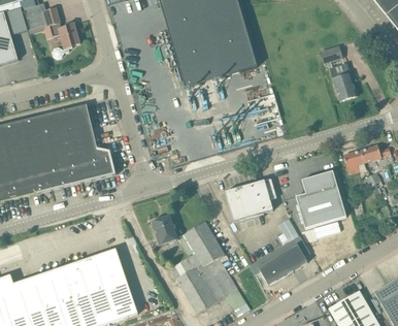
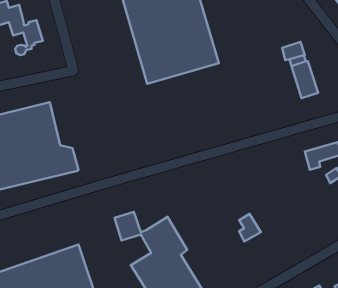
building: [296,170,352,255] -> none
building: [225,180,272,221] -> none
building: [257,242,307,284] -> none

